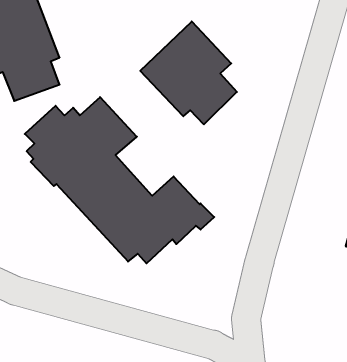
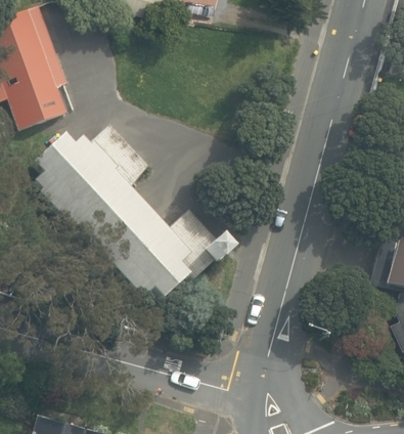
building: [140,21,237,124] -> none

